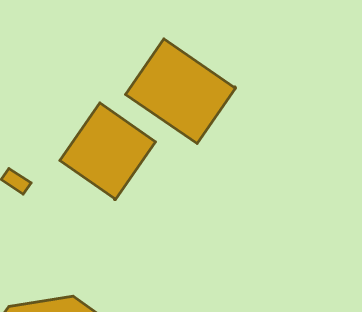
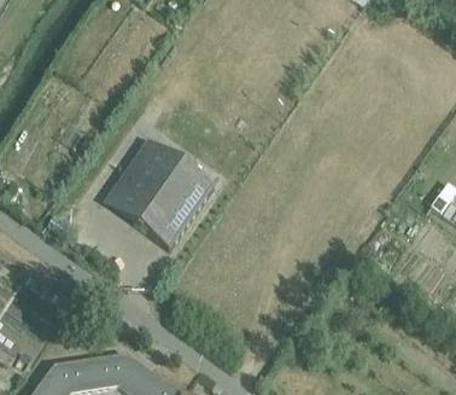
building: [126,39,236,144] -> none

